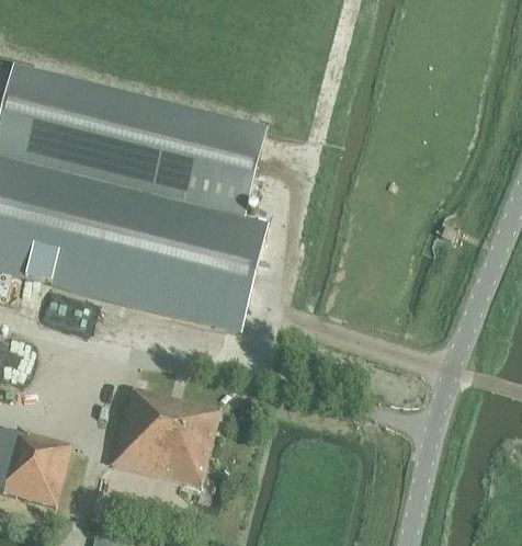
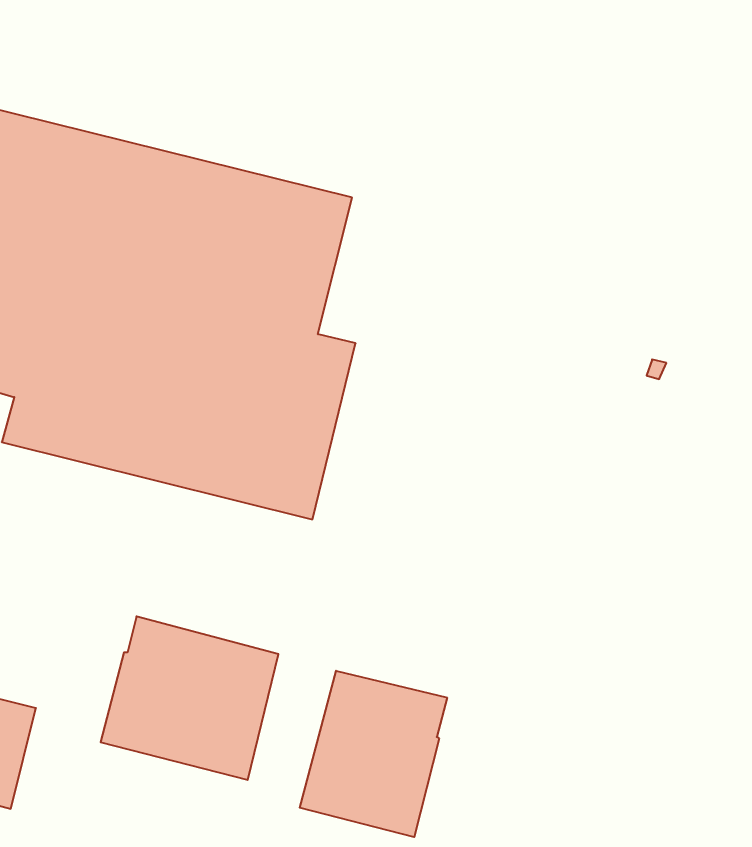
building: none -> [300,671,447,837]

